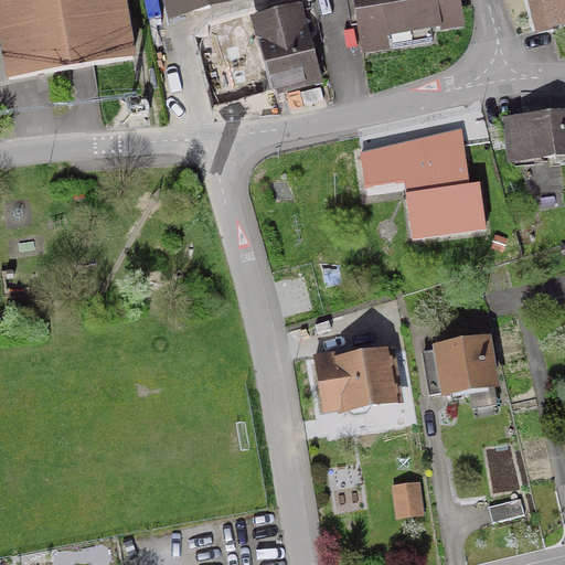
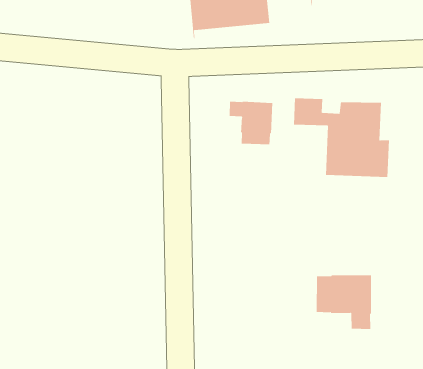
building: none -> [229,101,273,145]
building: [317,349,398,411] -> none

